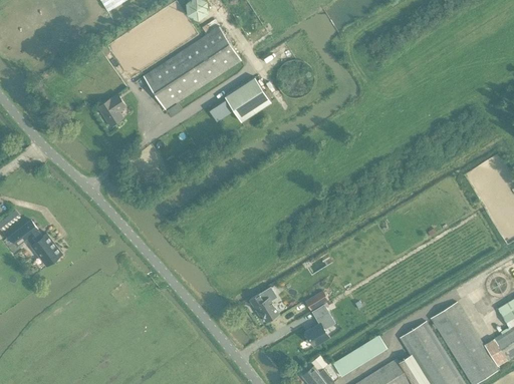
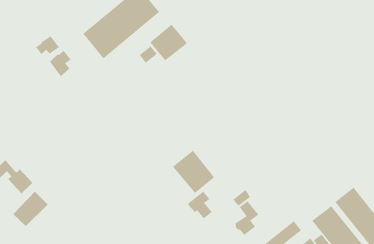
building: none -> [35,36,60,55]
building: none -> [172,150,215,194]
building: none -> [13,191,48,227]

